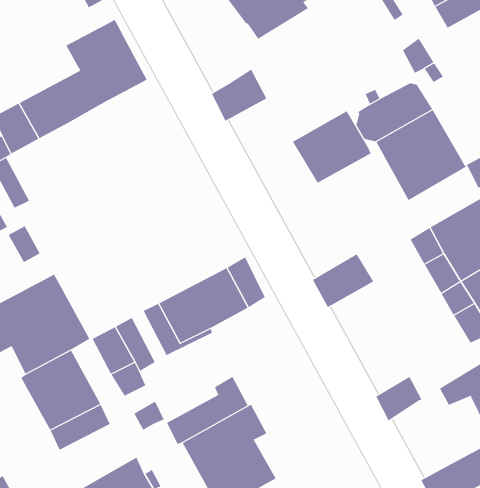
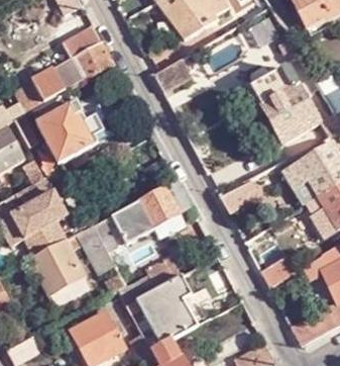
building: [292,111,371,184] -> none
building: none -> [35,101,93,162]

